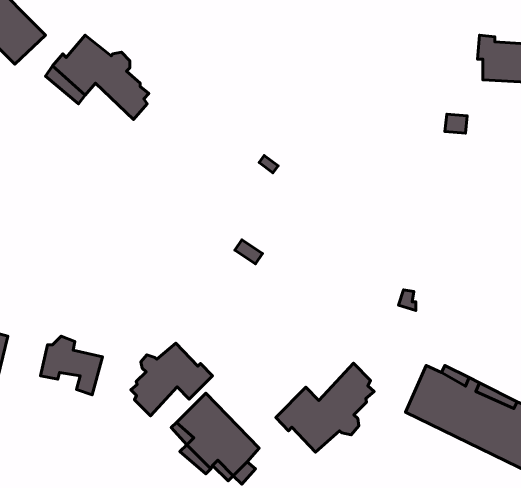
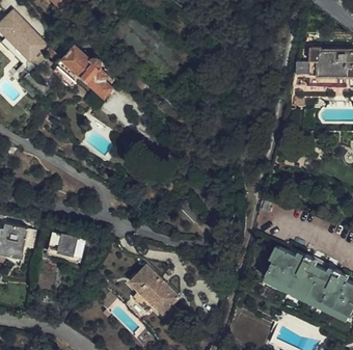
building: [131,343,212,416] -> none
building: [276,363,374,452] -> none

